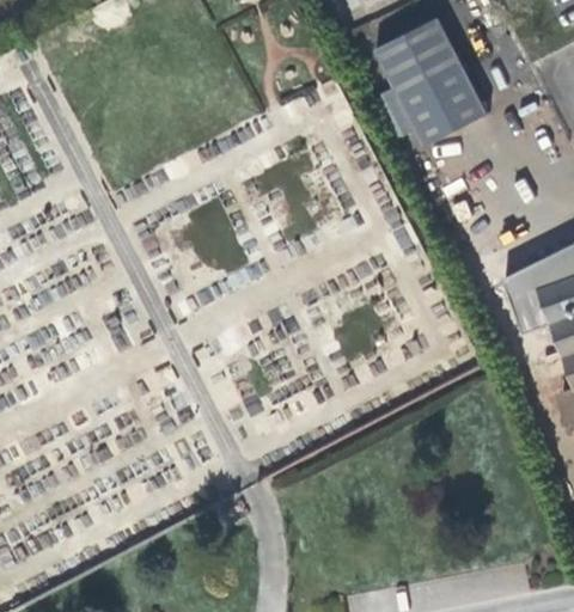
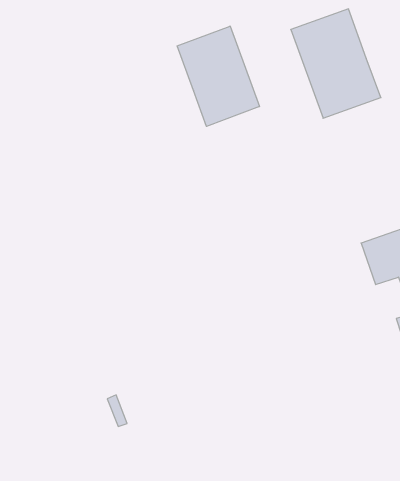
building: none -> [177,26,259,126]

